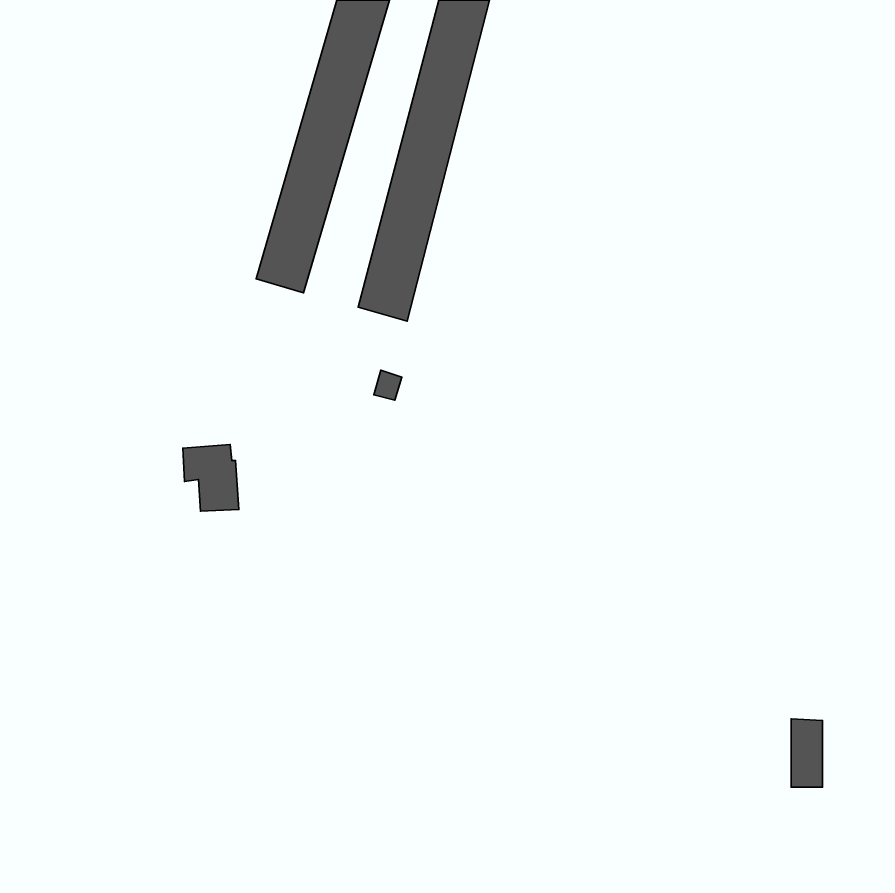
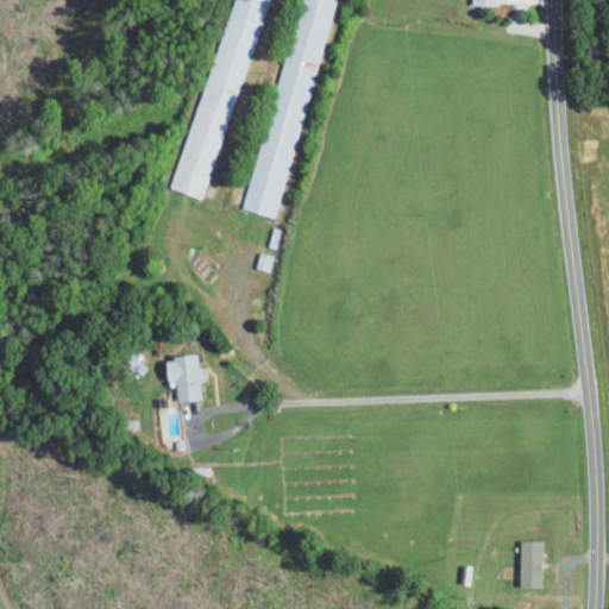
building: [183,445,239,511] -> [164,357,202,402]
building: [791,719,823,787] -> [519,542,540,589]

